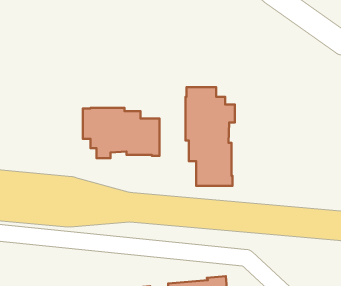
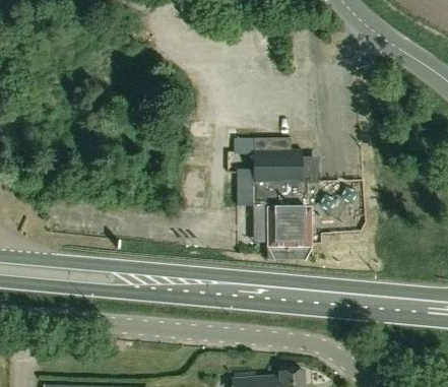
building: [83,108,160,158] -> none

